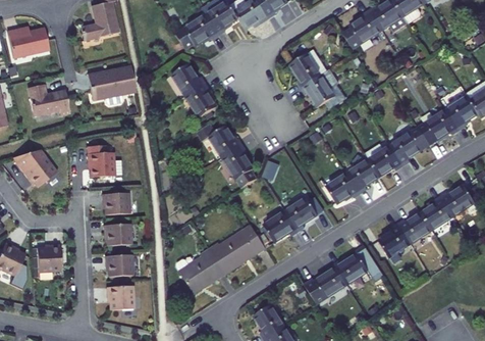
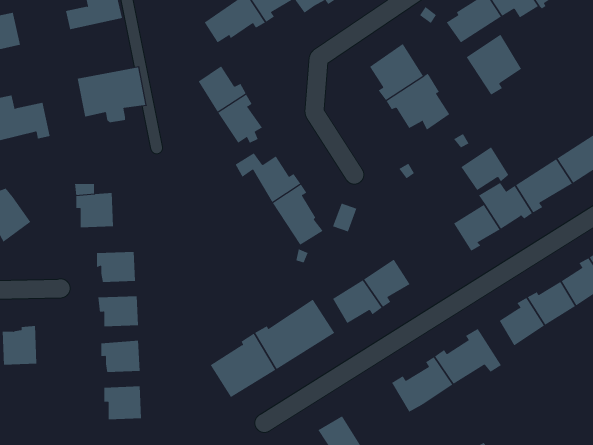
building: none -> [466,34,522,95]
building: [326,173,360,203] -> [461,147,509,191]

